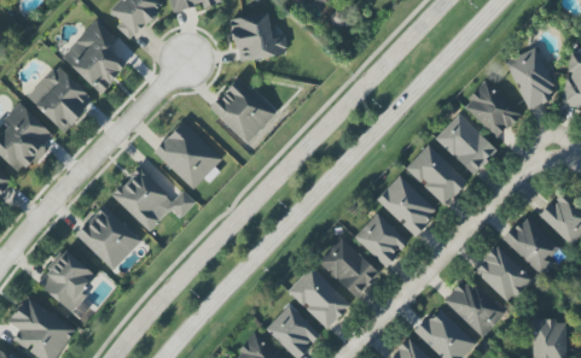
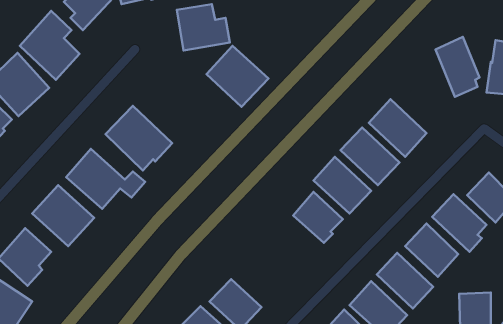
building: [209,78,275,143] -> [206,46,269,107]
building: [463,82,521,139] -> none
building: [318,236,379,297] -> none
building: [286,266,350,329] -> none

